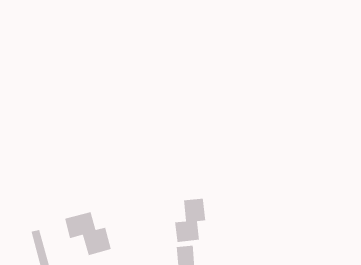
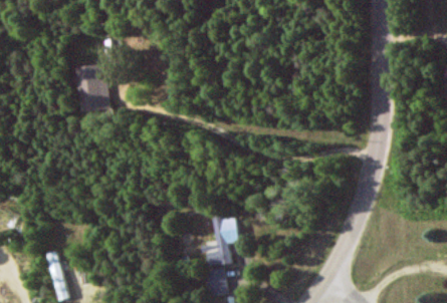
building: none -> [78,65,109,112]
building: [64,211,112,256] -> none

